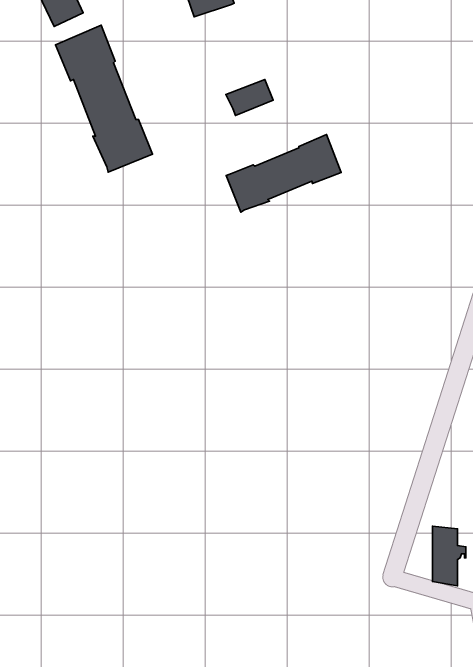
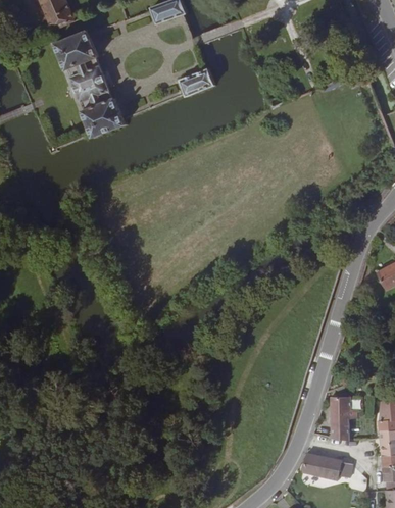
building: [226,135,341,212] -> none
building: none -> [302,454,352,480]

